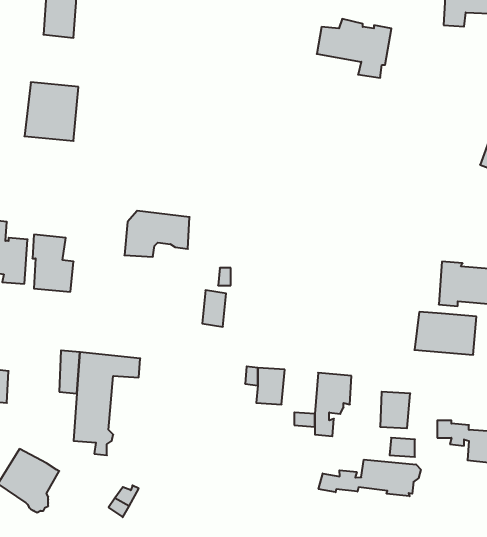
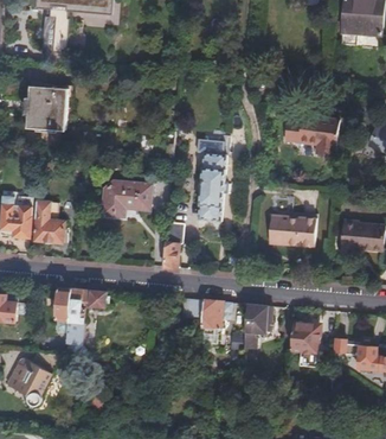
building: [317,19,391,78] -> [282,113,337,157]
building: none -> [197,149,225,218]
building: [414,312,476,355] -> [265,215,311,247]
building: [319,460,421,496] -> none

